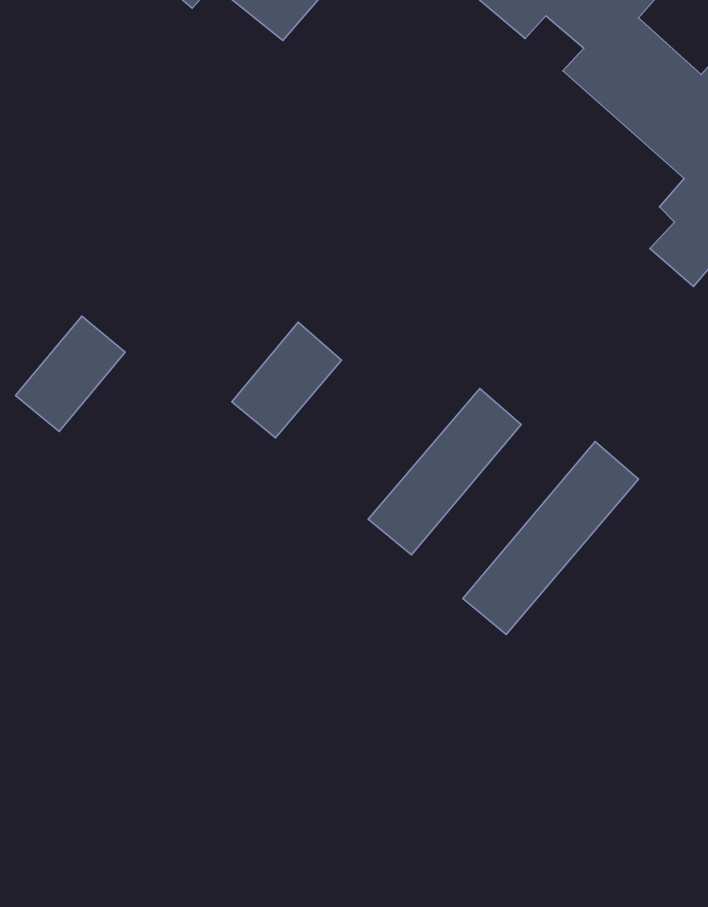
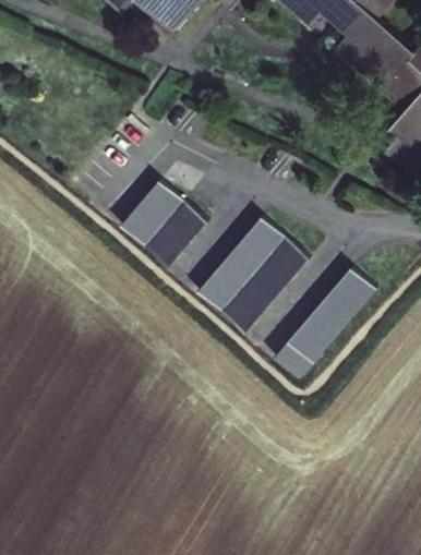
building: [16,316,125,431] -> [119,176,182,242]
building: none -> [197,213,287,310]

